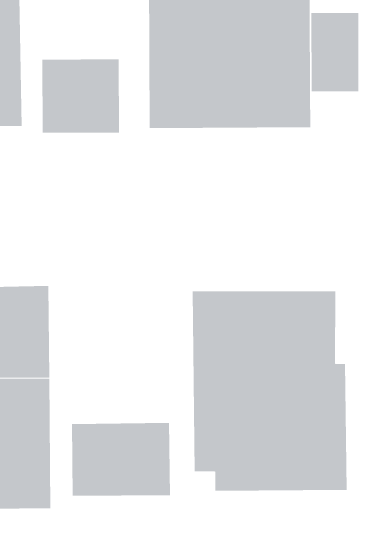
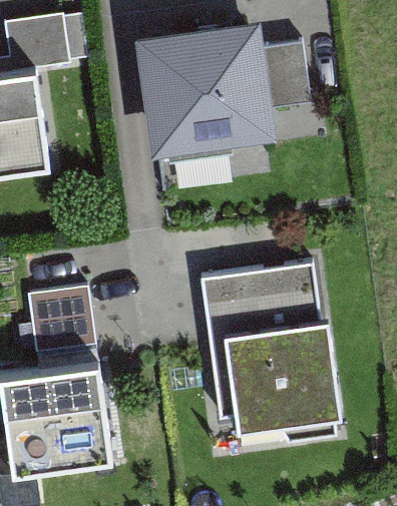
building: [42,59,119,133] -> none
building: [72,422,170,496] -> none

